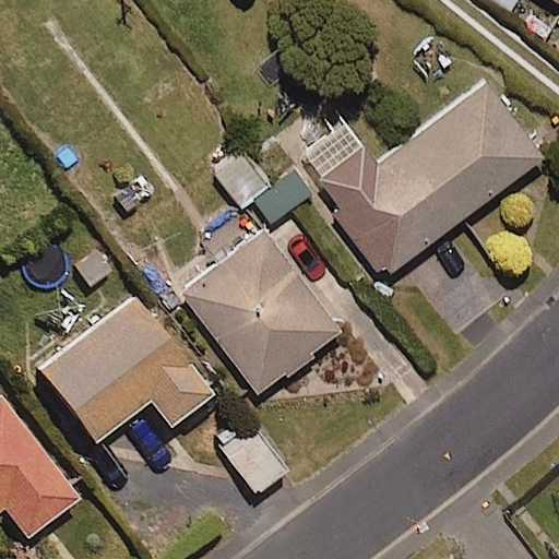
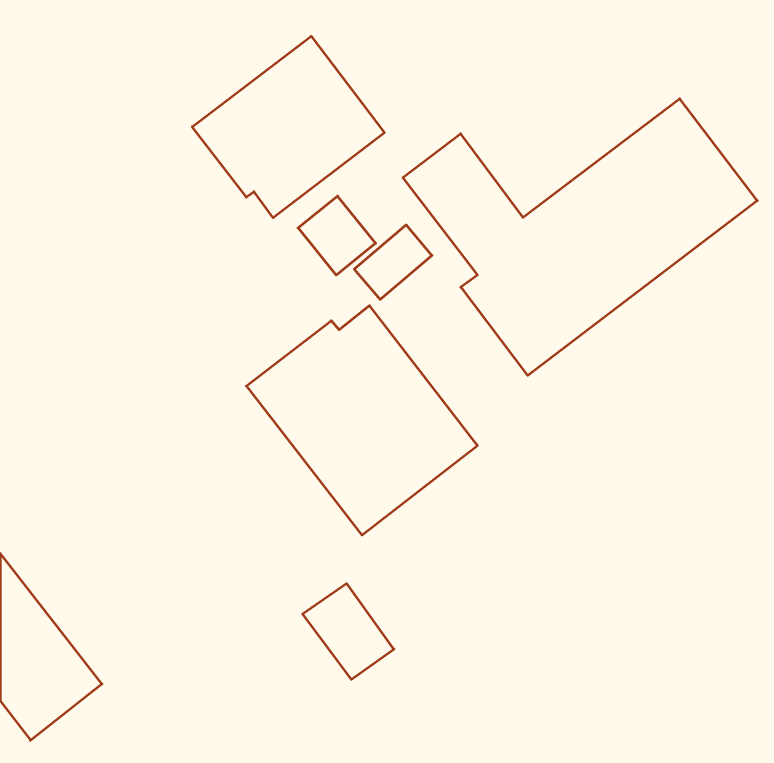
building: none -> [192,36,384,218]
building: [35,297,209,444] -> none

